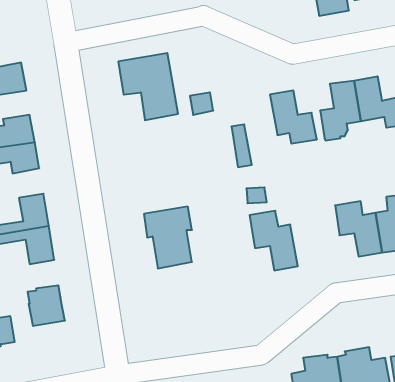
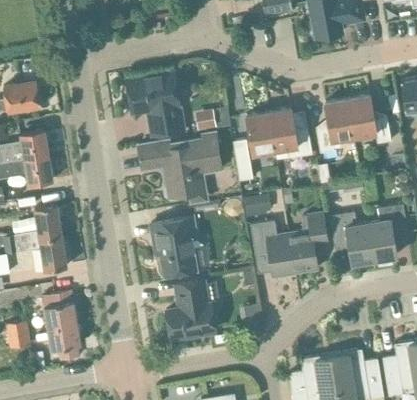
building: none -> [245,113,275,155]
building: none -> [137,134,220,205]
building: none -> [287,214,327,274]
building: none -> [165,281,215,340]
building: none -> [46,325,80,361]

